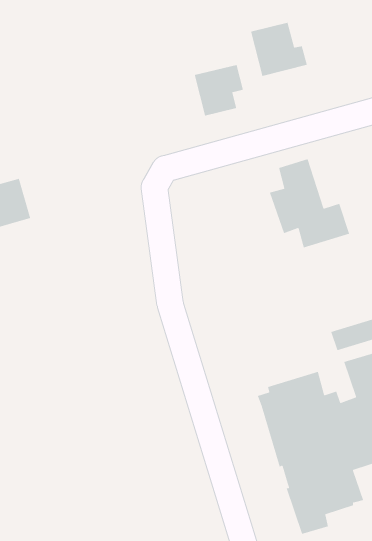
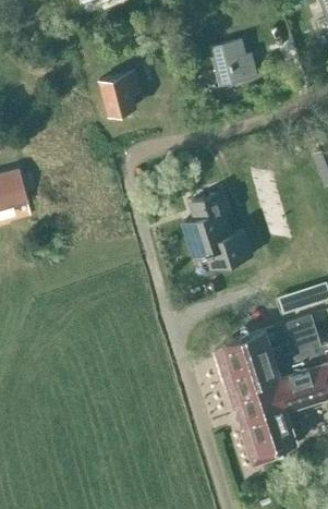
building: [194,64,244,116] -> [99,72,141,116]
building: [269,158,350,249] -> [183,194,251,269]

